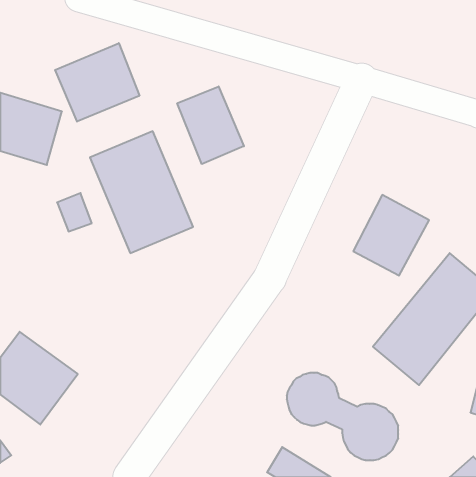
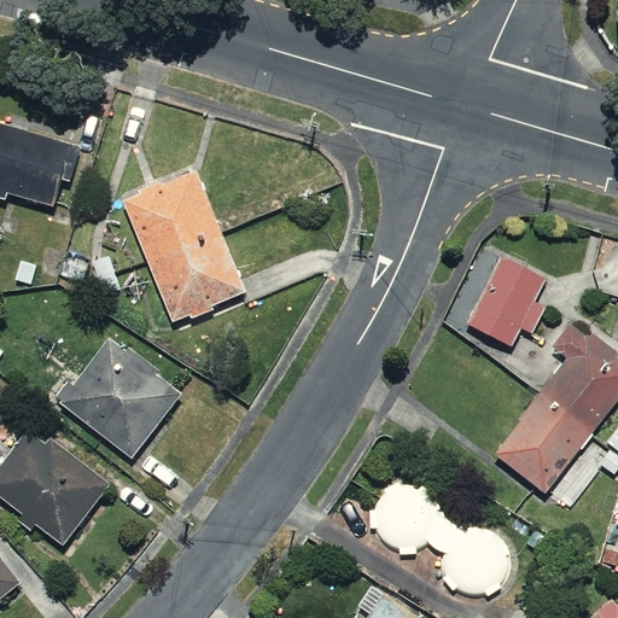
building: [55,43,139,122] -> none
building: [177,86,244,164] -> none
building: none -> [56,337,181,460]

